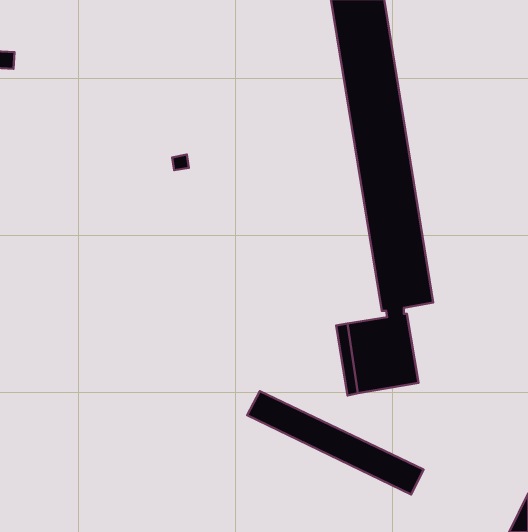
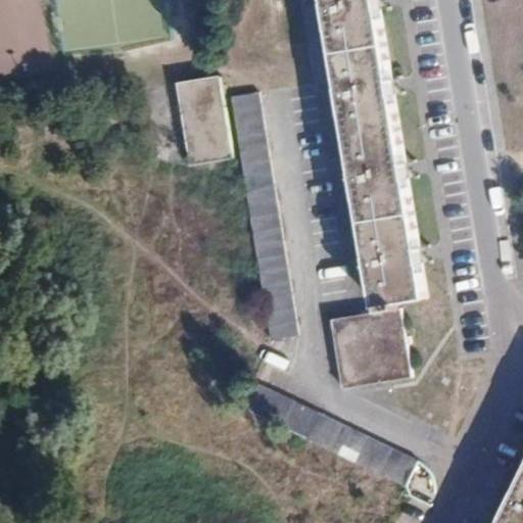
building: none -> [176,76,231,164]
building: none -> [229,91,295,338]

